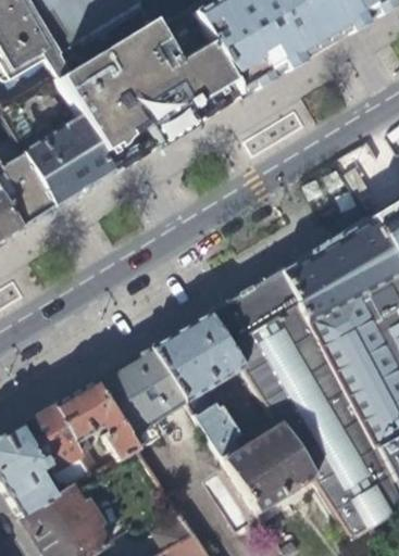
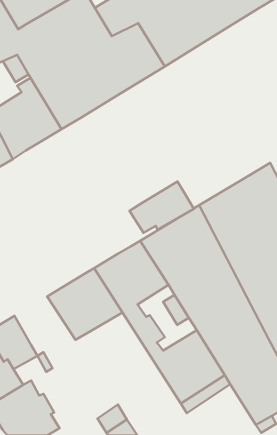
building: none -> [129,182,194,233]
building: [53,380,136,457] -> none

